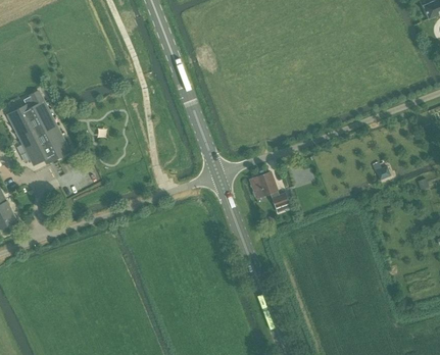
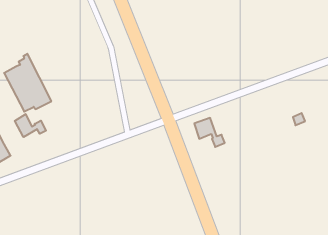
building: none -> [15,114,46,137]

